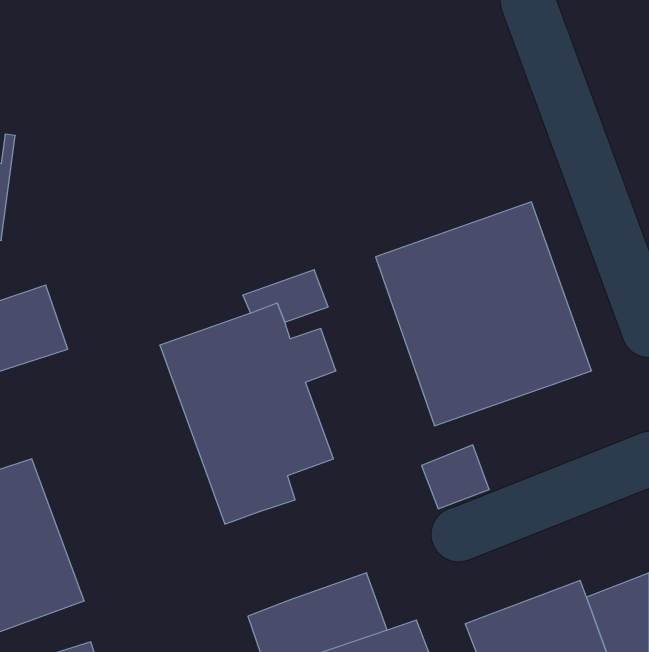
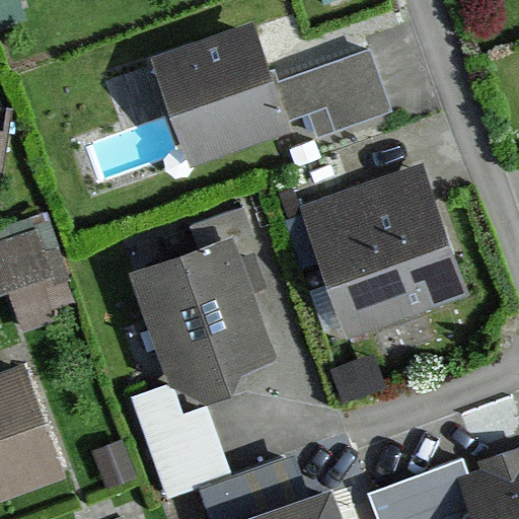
building: none -> [148,18,390,166]
building: none -> [130,383,231,500]

